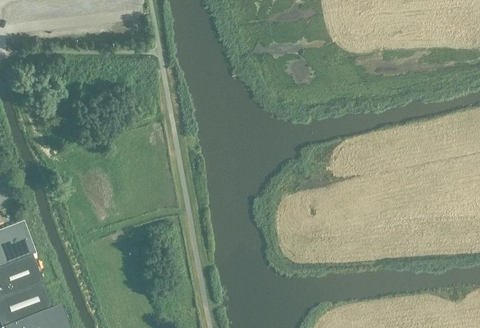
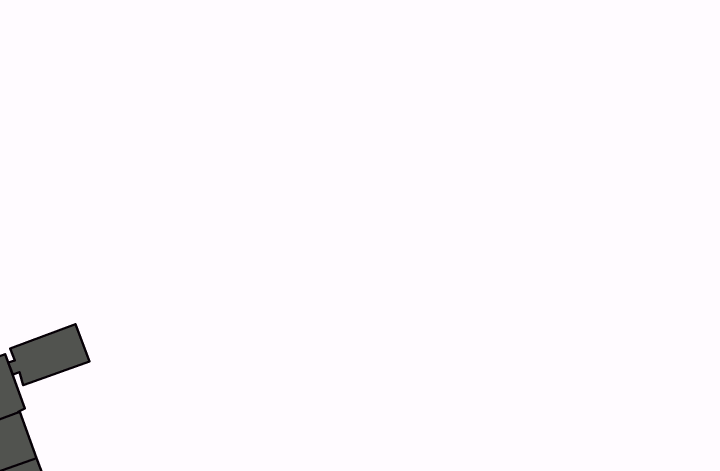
building: none -> [8,324,89,385]

